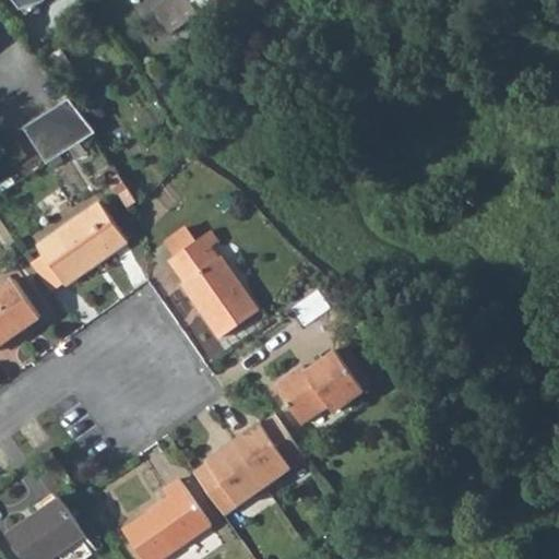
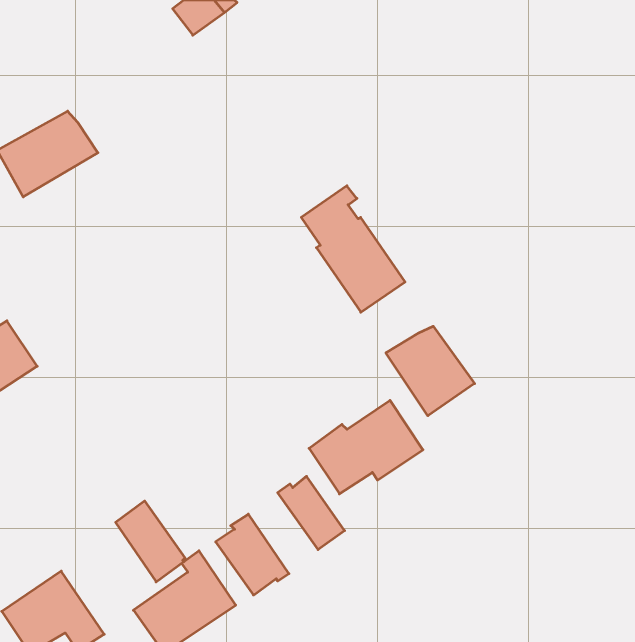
building: [35,202,126,285] -> none
building: [168,228,258,337] -> [301,186,405,312]
building: none -> [386,326,475,416]
building: [219,428,280,498] -> [116,501,185,582]

